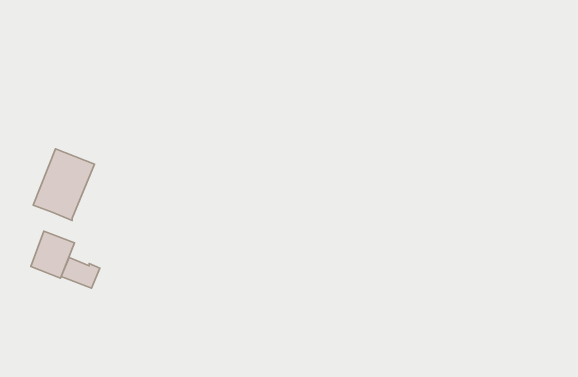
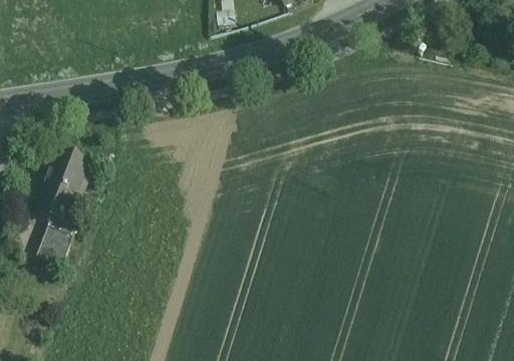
building: [61,258,100,288] -> [47,210,80,236]

